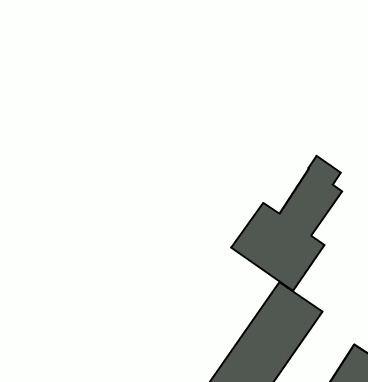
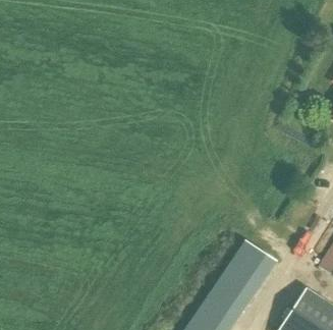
building: [231,156,342,291] -> none

